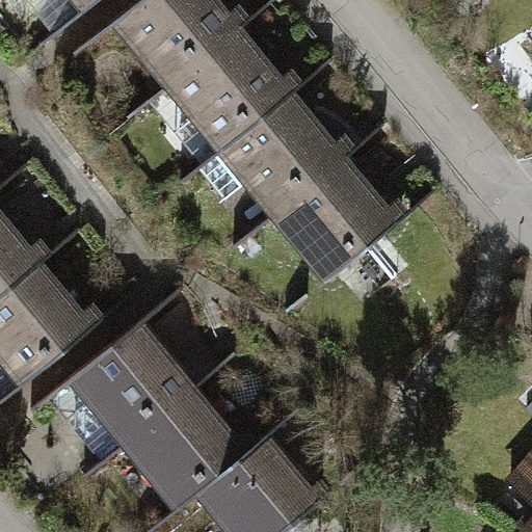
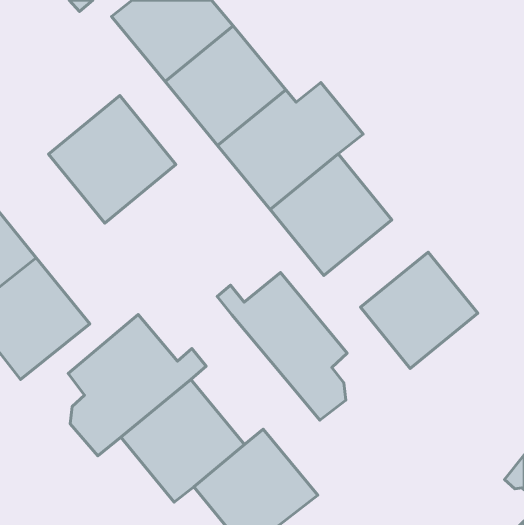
building: none -> [49,96,176,223]
building: none -> [361,252,478,368]
building: none -> [217,272,347,420]

